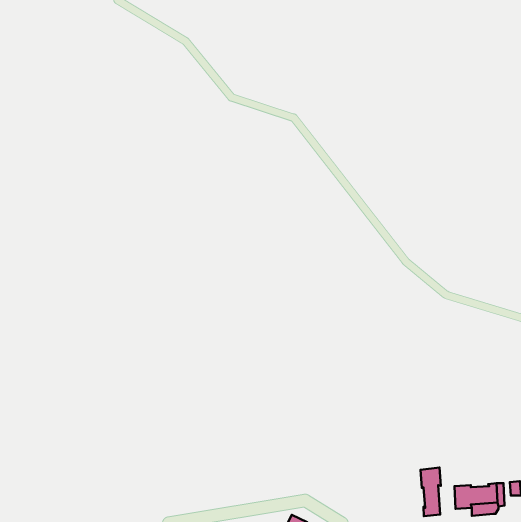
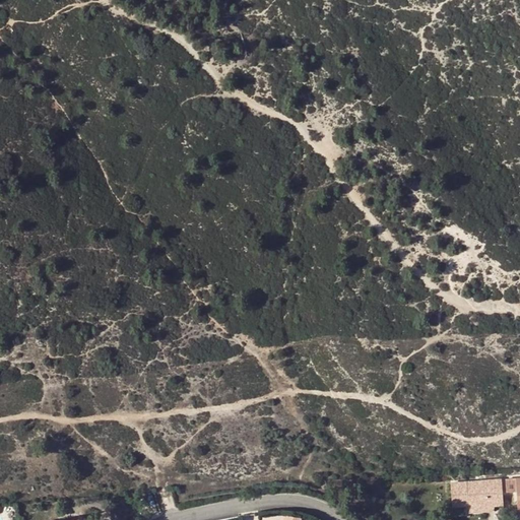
building: [420,468,441,516] -> none

